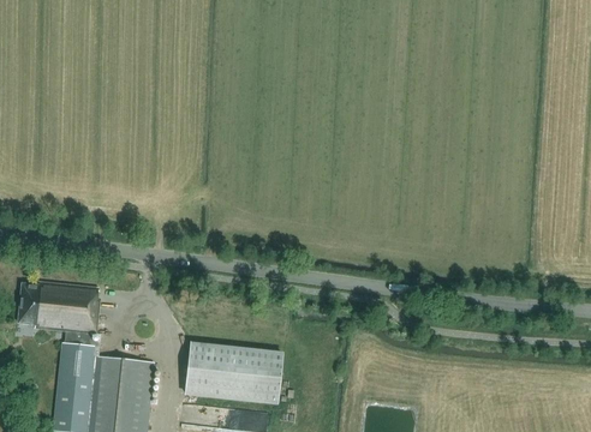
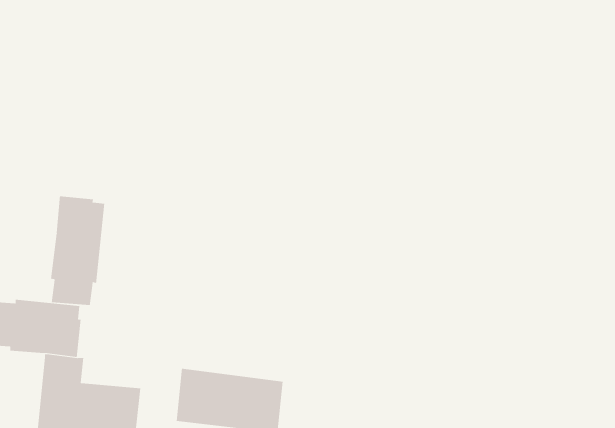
building: none -> [51,195,105,306]

